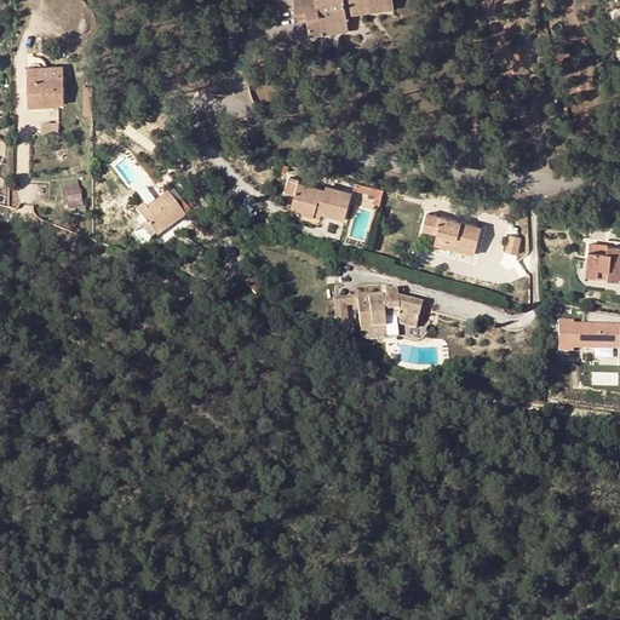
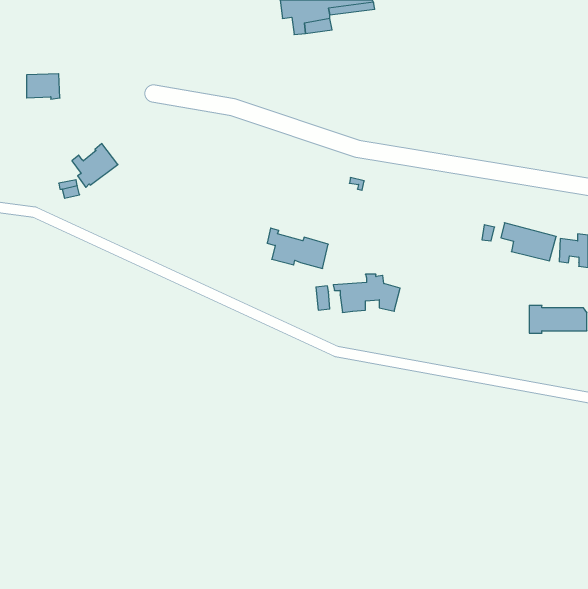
building: [286,177,350,219] -> [267,228,328,268]
building: [136,191,184,237] -> [72,144,118,187]
building: [423,213,481,253] -> [501,223,556,261]

